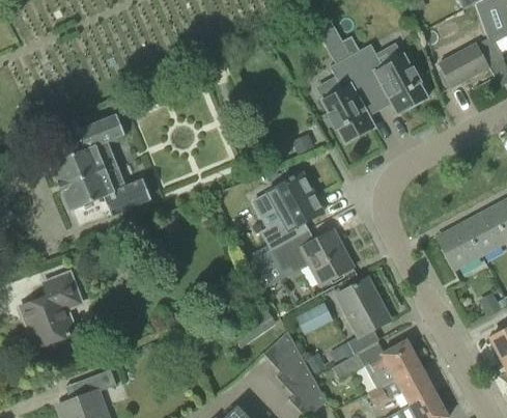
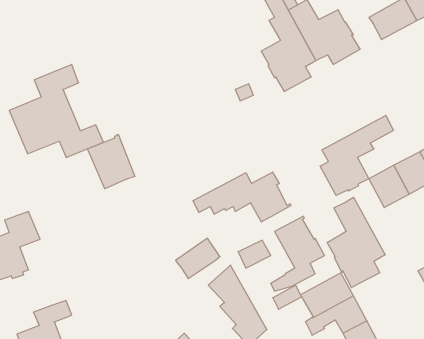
building: none -> [320,115,394,195]
building: [246,172,323,261] -> none
building: none -> [87,134,135,189]
building: none -> [327,197,385,288]

